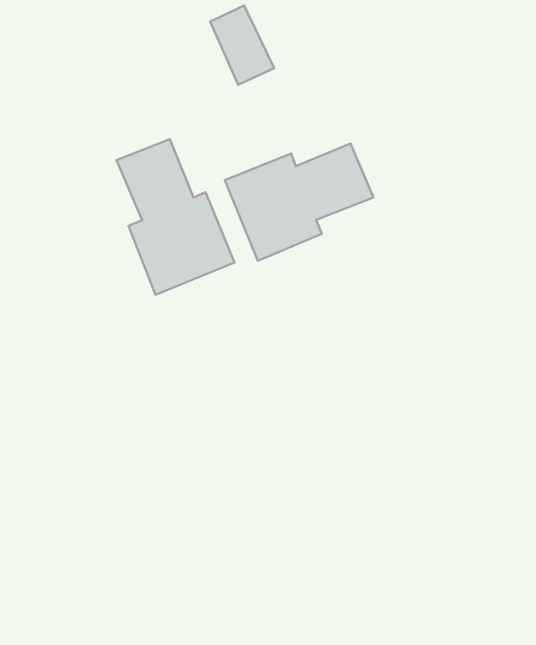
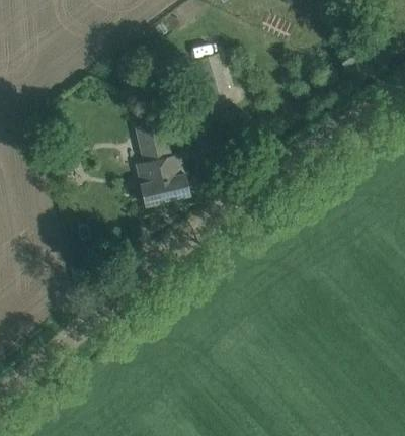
building: [225,144,373,261] -> none

